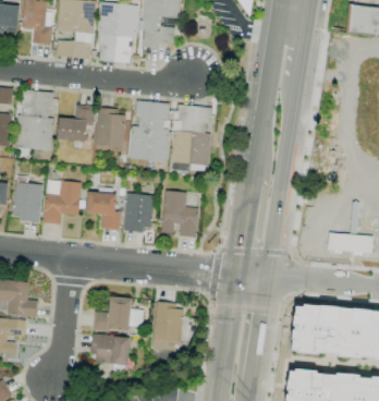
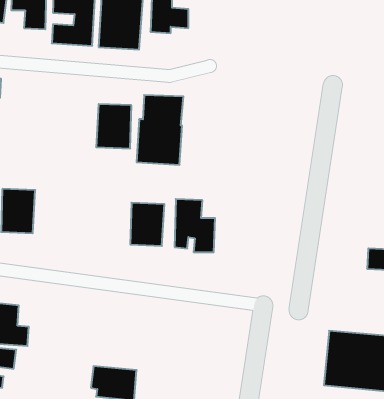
building: [17,89,53,149] -> none
building: [57,105,94,142] -> none
building: [171,105,210,165] -> none
building: [44,180,81,223] -> none
building: [86,192,121,230] -> none
building: [93,296,131,332] -> none
building: [152,302,184,351] -> none

